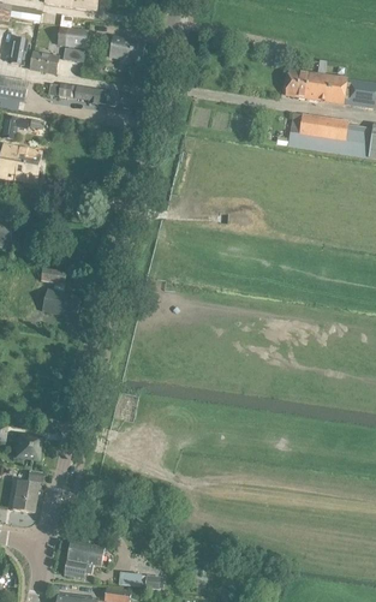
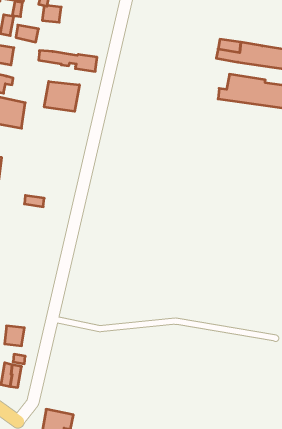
building: [109,35,145,64] -> none
building: none -> [44,81,79,111]
building: [42,287,80,318] -> none

